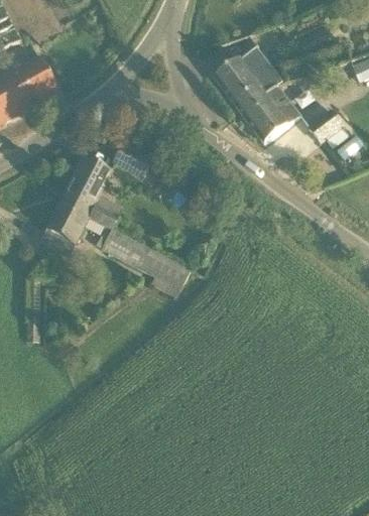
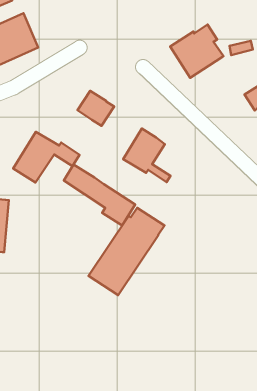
building: [243,83,302,141] -> none
building: [65,153,123,215] -> [123,129,171,182]
building: none -> [88,208,165,295]

